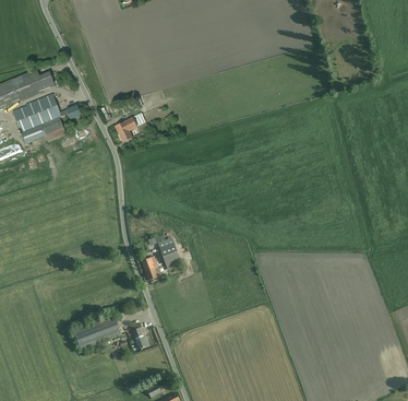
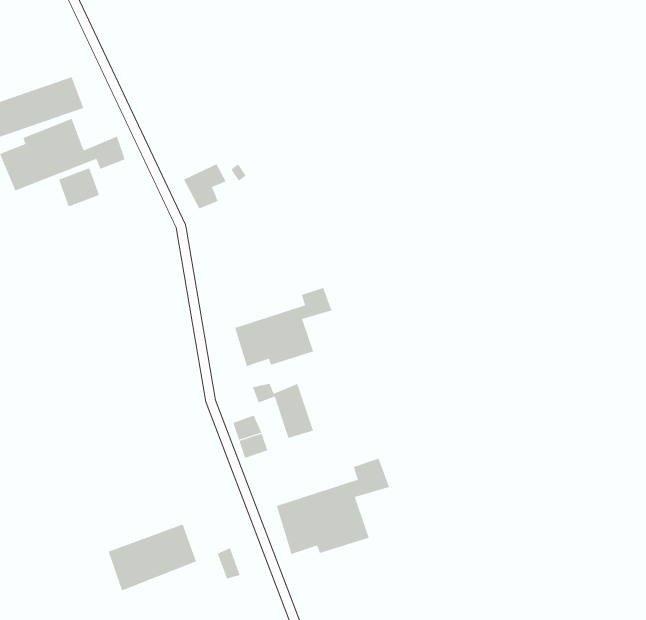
building: none -> [234,287,332,367]
building: none -> [276,458,390,555]

